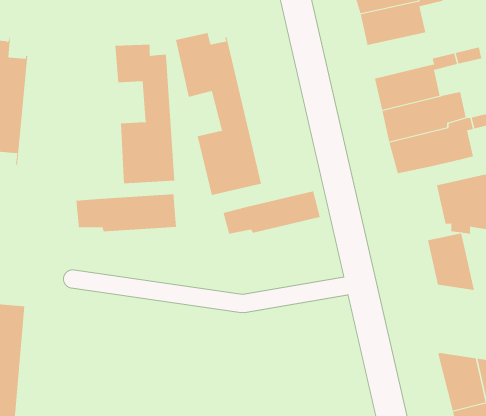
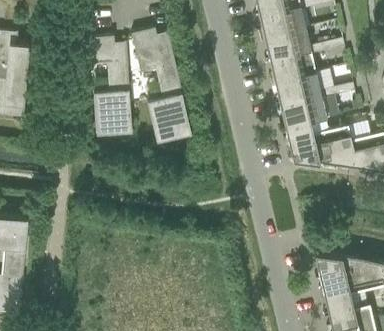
building: none -> [265,30,311,62]
building: [223,191,321,234] -> none
building: [76,194,177,232] -> none
building: [427,233,475,291] -> [286,123,319,163]

